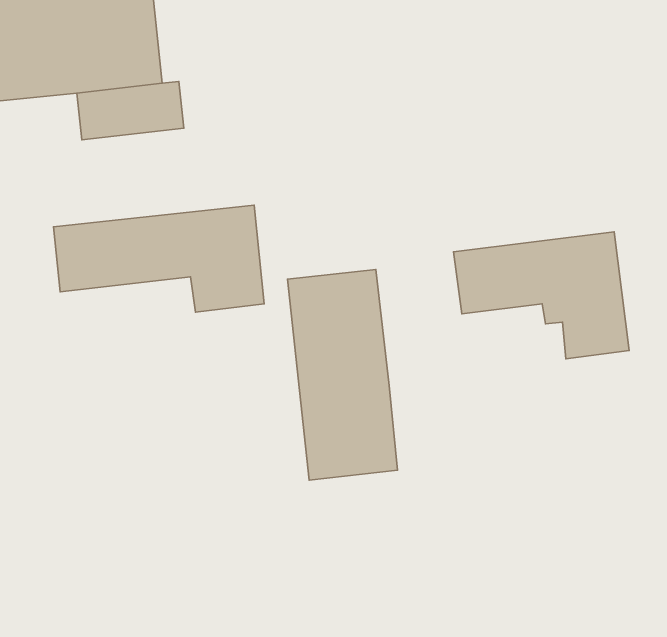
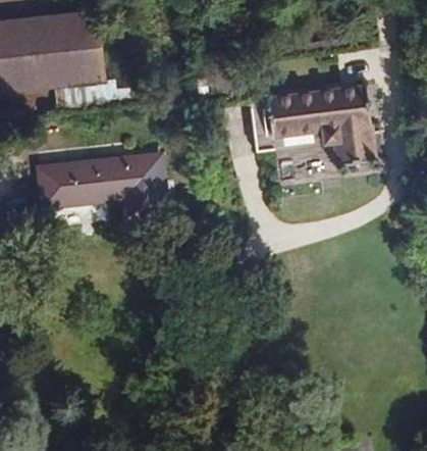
building: [454,232,629,359] -> [267,85,374,162]
building: [288,269,398,480] -> none

